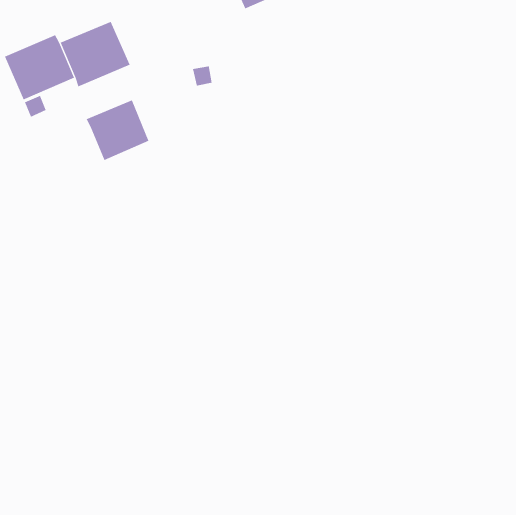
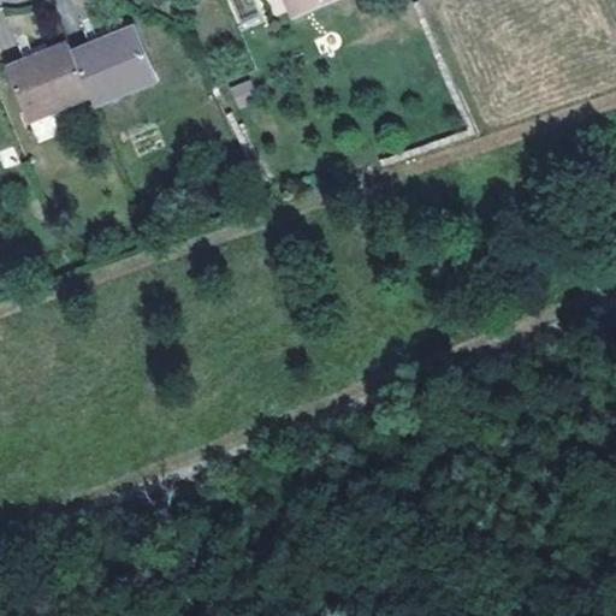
building: [86,99,149,161] -> none

